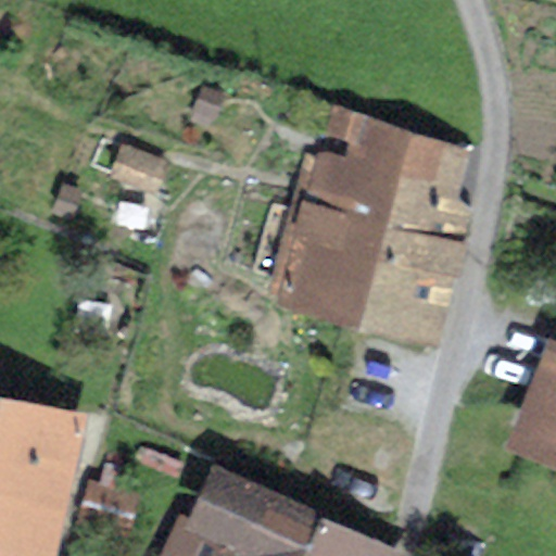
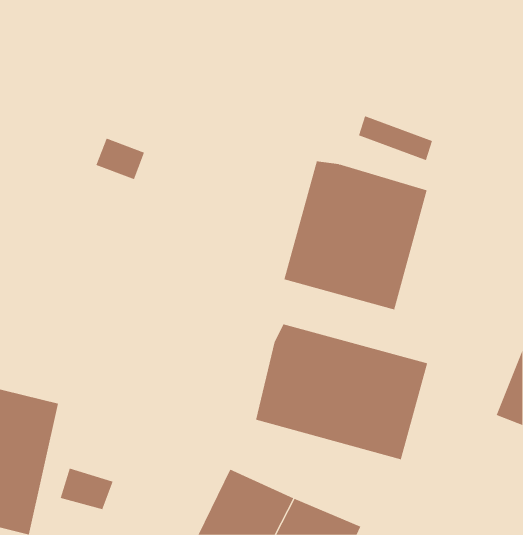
building: none -> [255,323,428,460]

